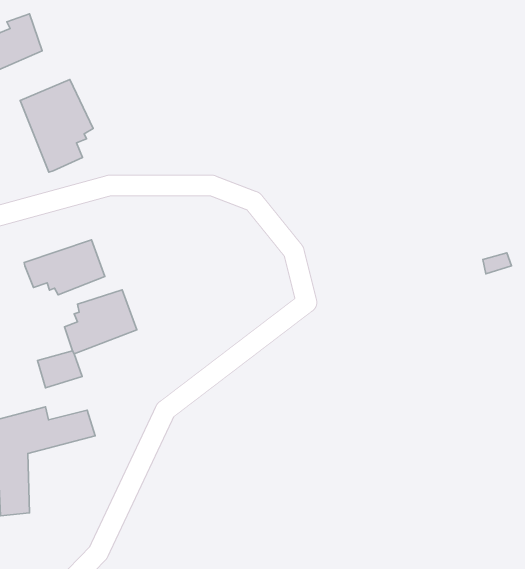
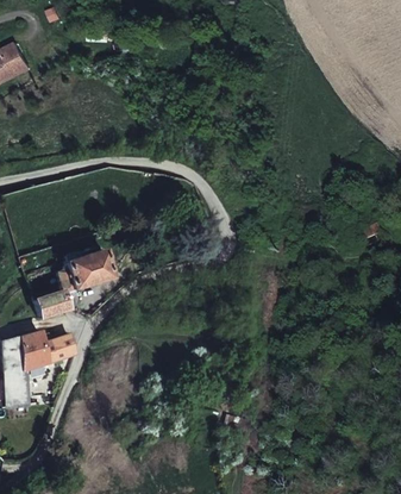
building: [20,79,93,172] -> none
building: [24,240,105,295] -> none

